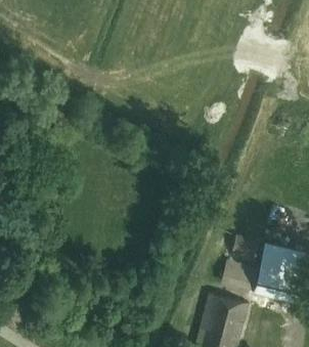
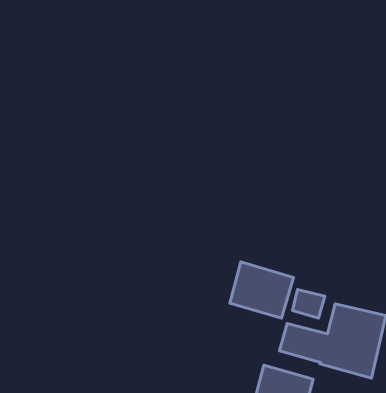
building: none -> [230,262,294,318]

